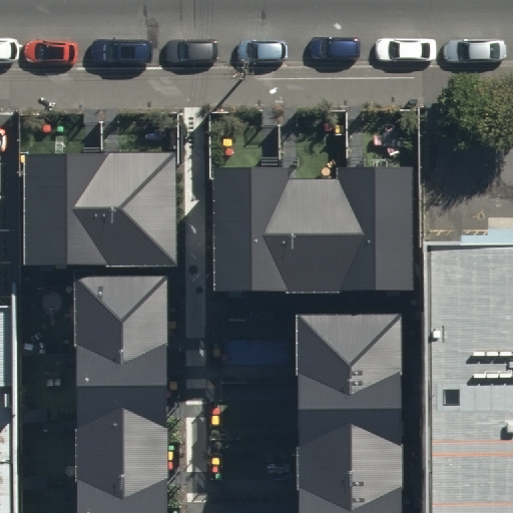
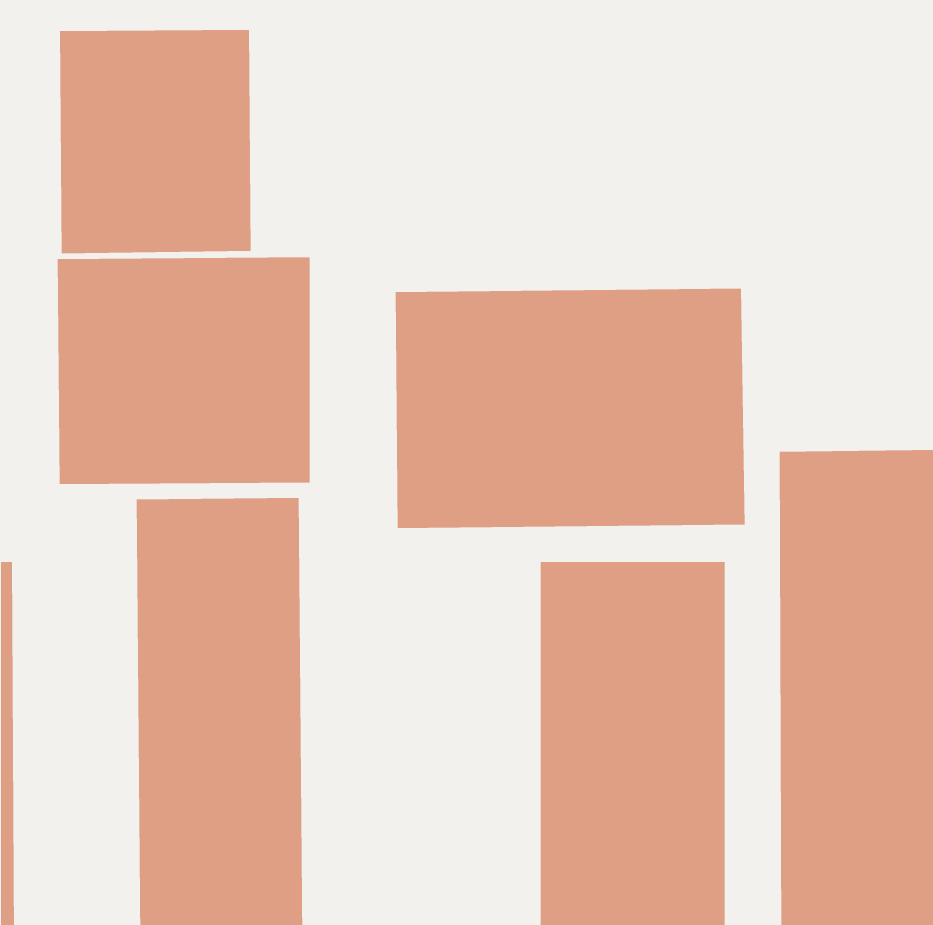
building: none -> [60,29,251,254]

